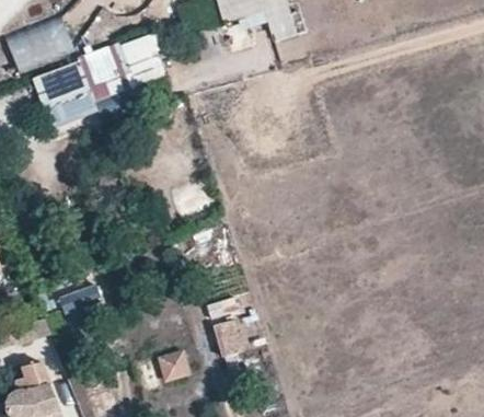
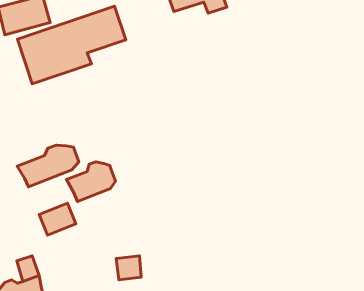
building: none -> [17,145,79,187]
building: none -> [66,162,116,201]
building: [211,316,257,356] -> none

